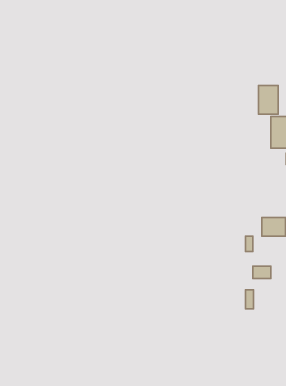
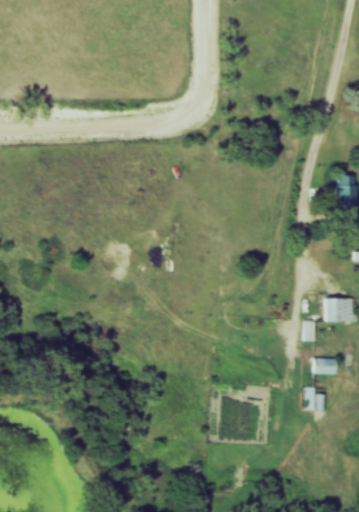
building: [259,85,278,114] -> none

